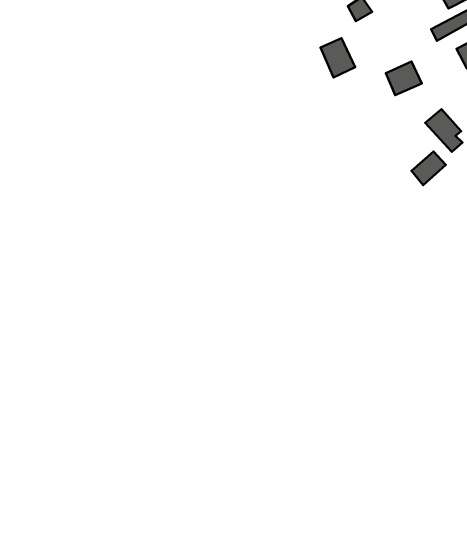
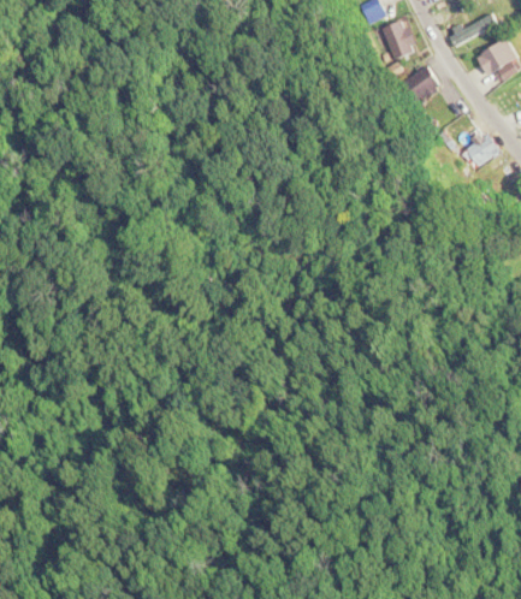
building: [321,38,355,78] -> [383,19,419,60]
building: [411,151,446,185] -> none

